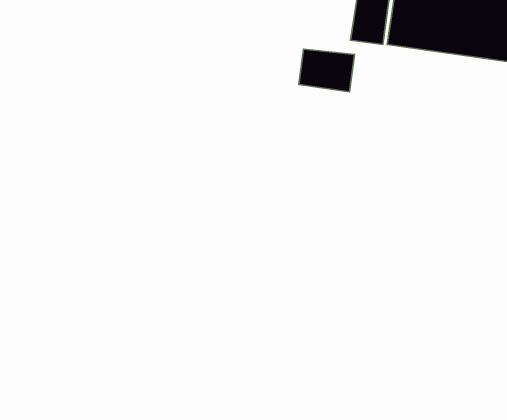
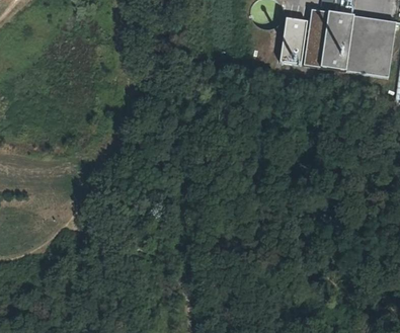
building: [299,49,355,92] -> none

